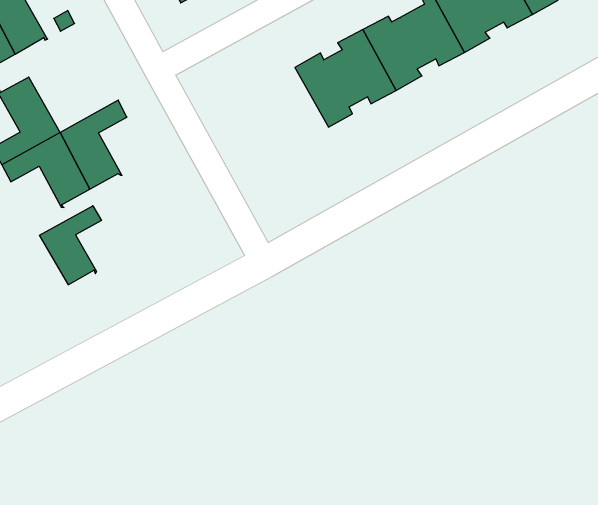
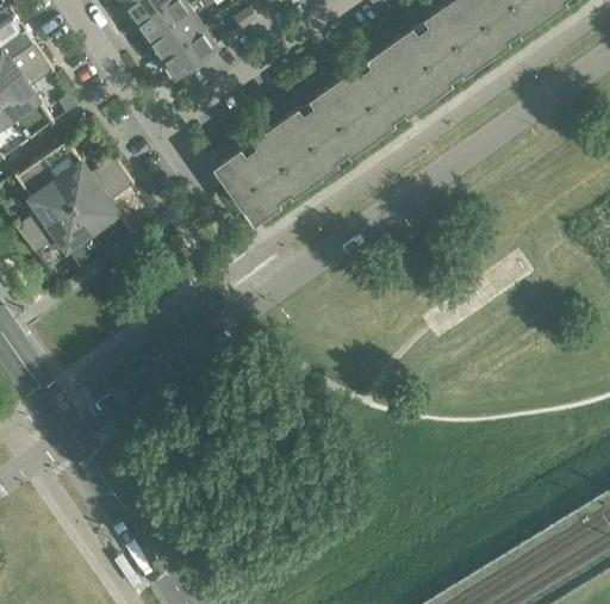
building: none -> [42,139,124,206]
building: none -> [214,125,315,223]
building: [40,206,101,285] -> none

